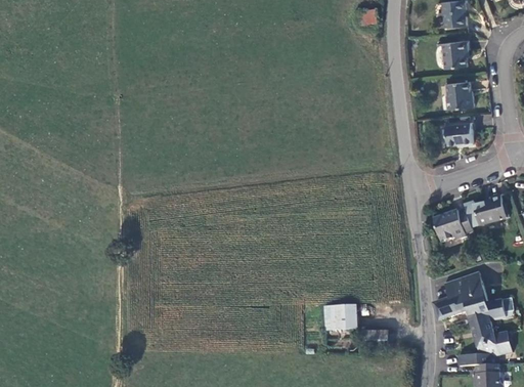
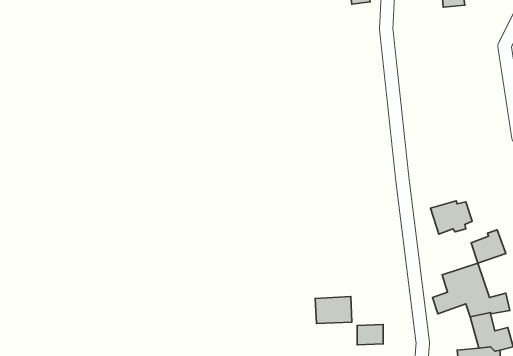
building: [442,39,469,66] -> none
building: [445,80,472,105] -> none
building: [444,123,471,144] -> none
building: [473,192,506,224] -> [471,230,506,263]

